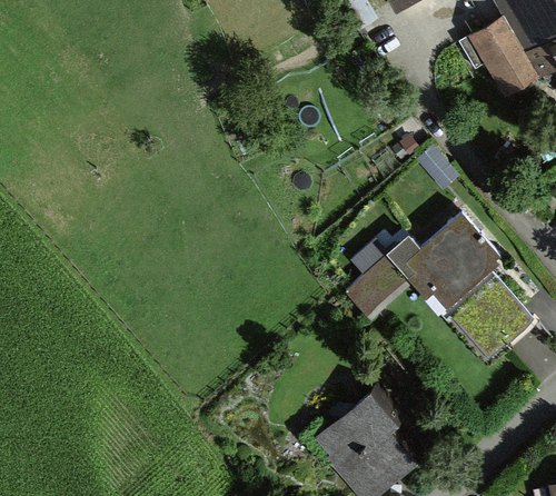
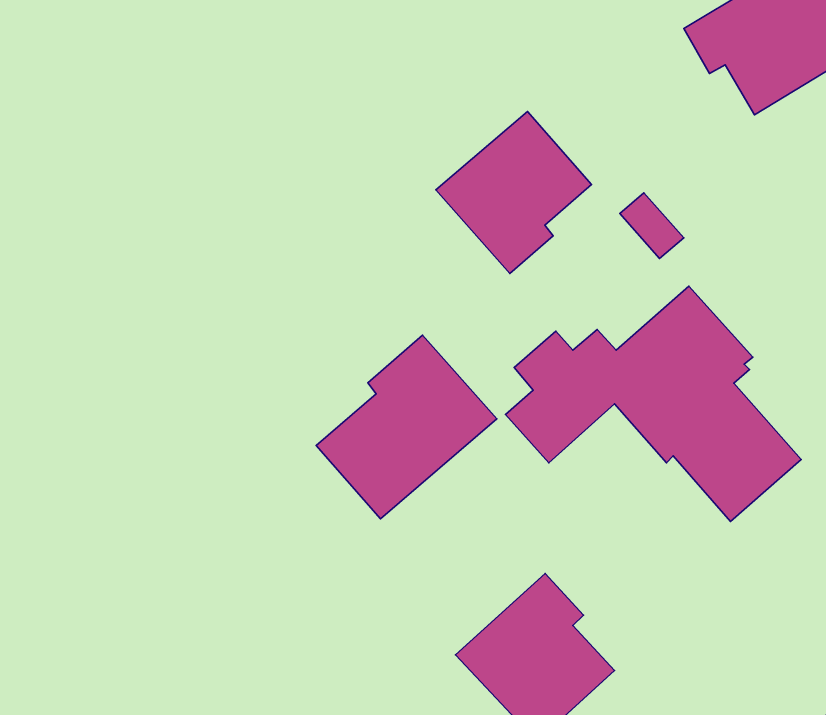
building: none -> [436,112,592,274]
building: none -> [316,335,497,519]

